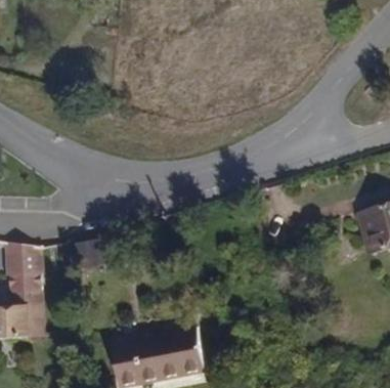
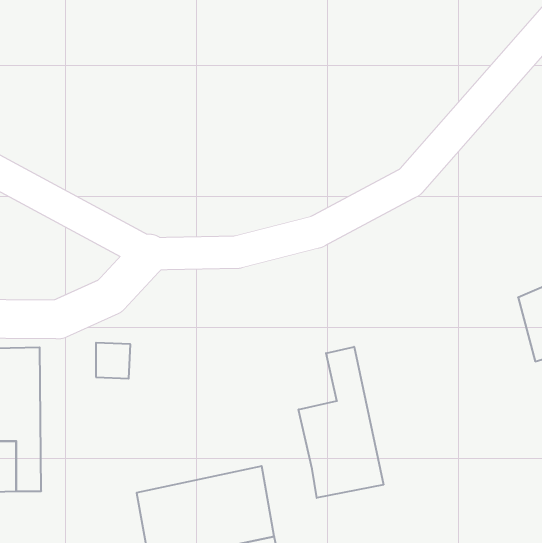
building: none -> [299,347,383,498]

